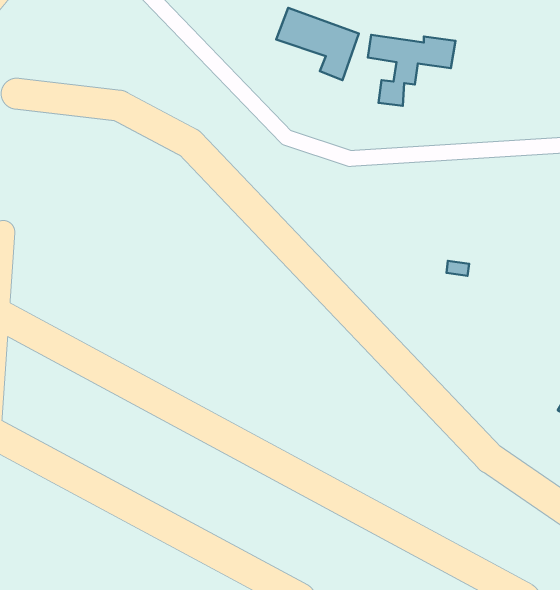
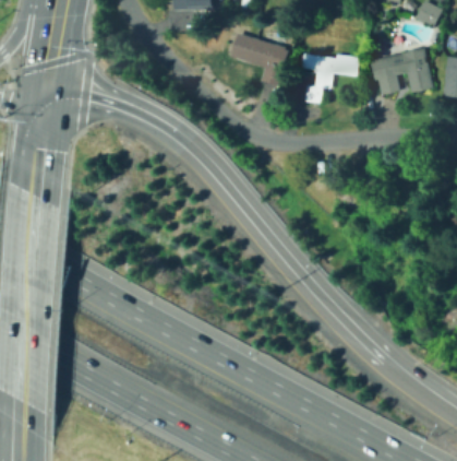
building: none -> [368,46,431,93]

